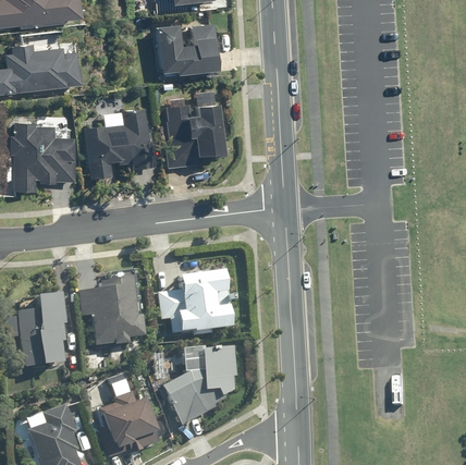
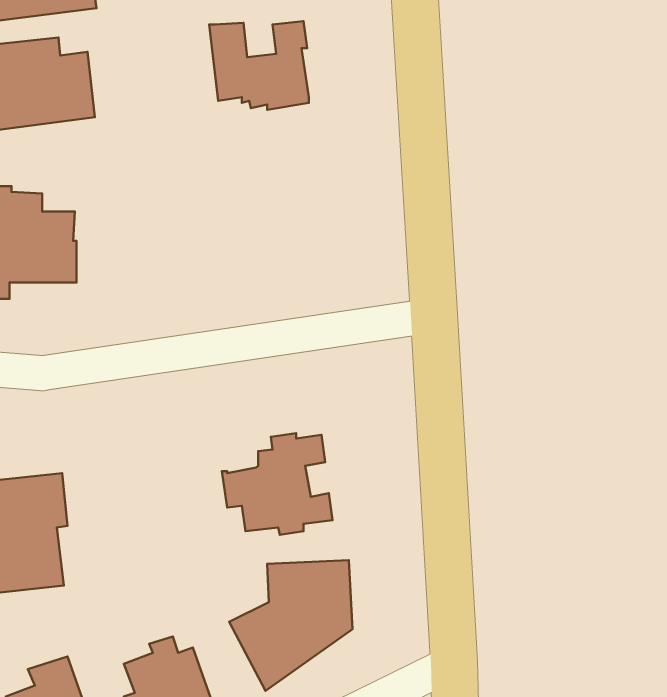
building: [164,103,220,167] -> none
building: [84,109,149,179] -> none
building: [81,279,145,346] -> none

